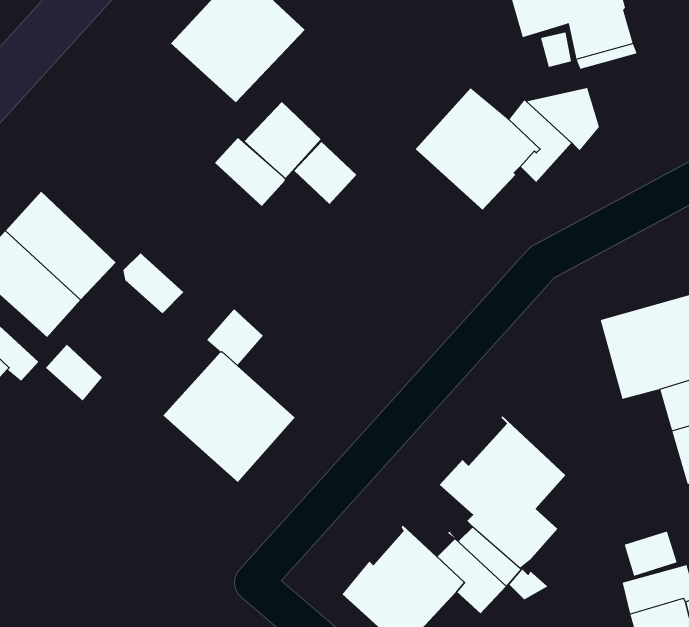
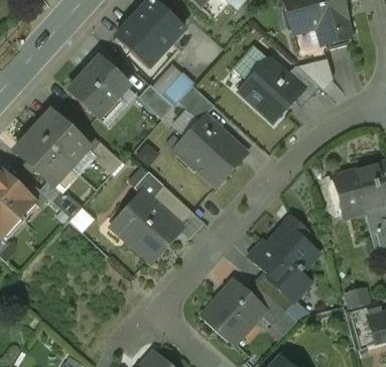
building: none -> [70,57,128,116]
building: none -> [173,115,246,184]
building: none -> [150,184,192,225]

